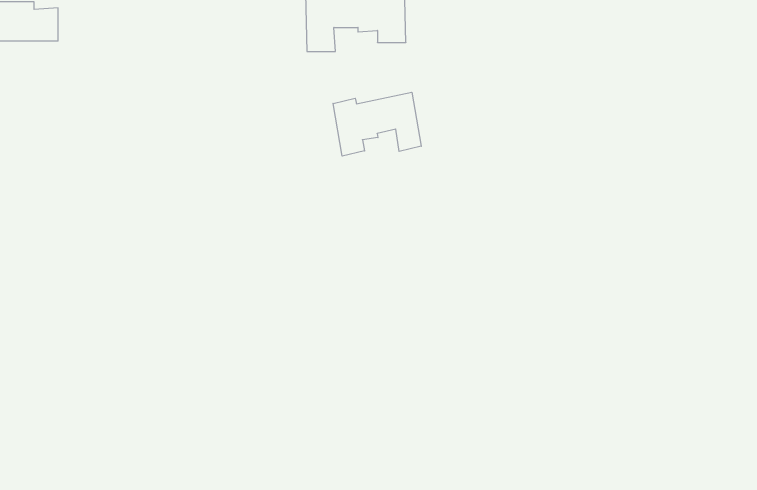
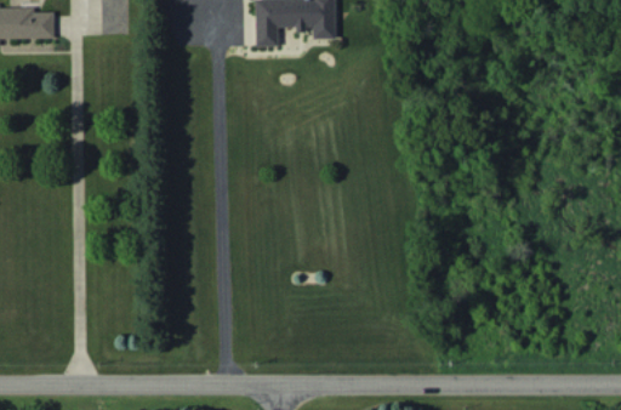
building: [333,92,421,156] -> none

